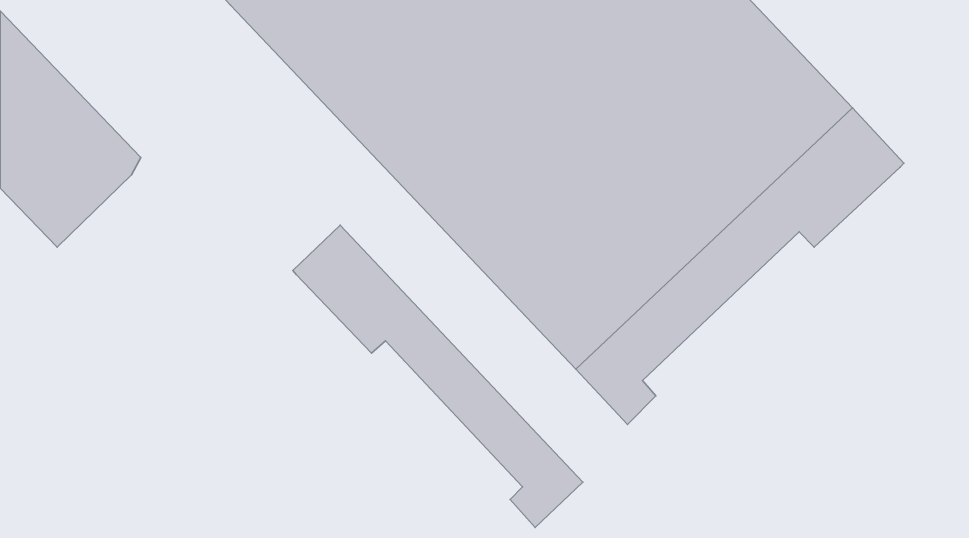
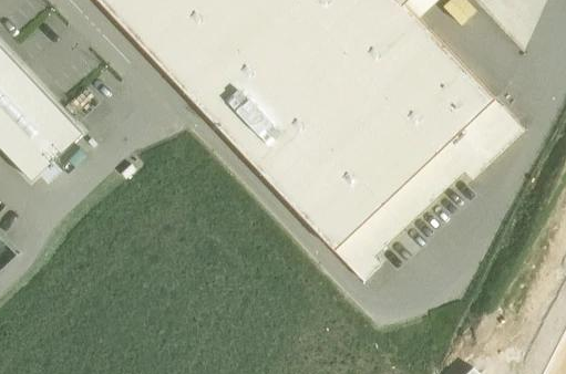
building: [293,225,583,527] -> none

